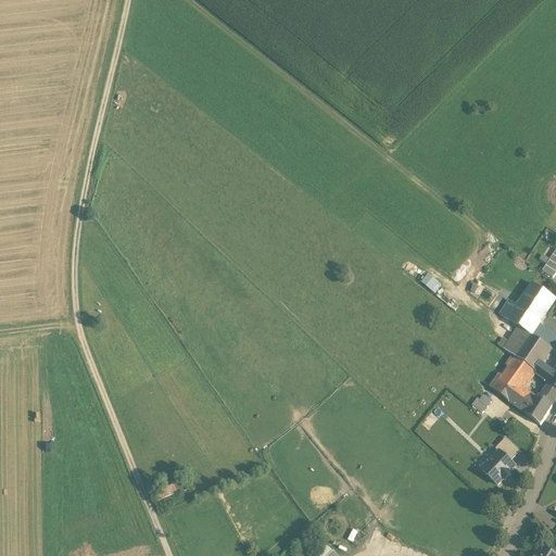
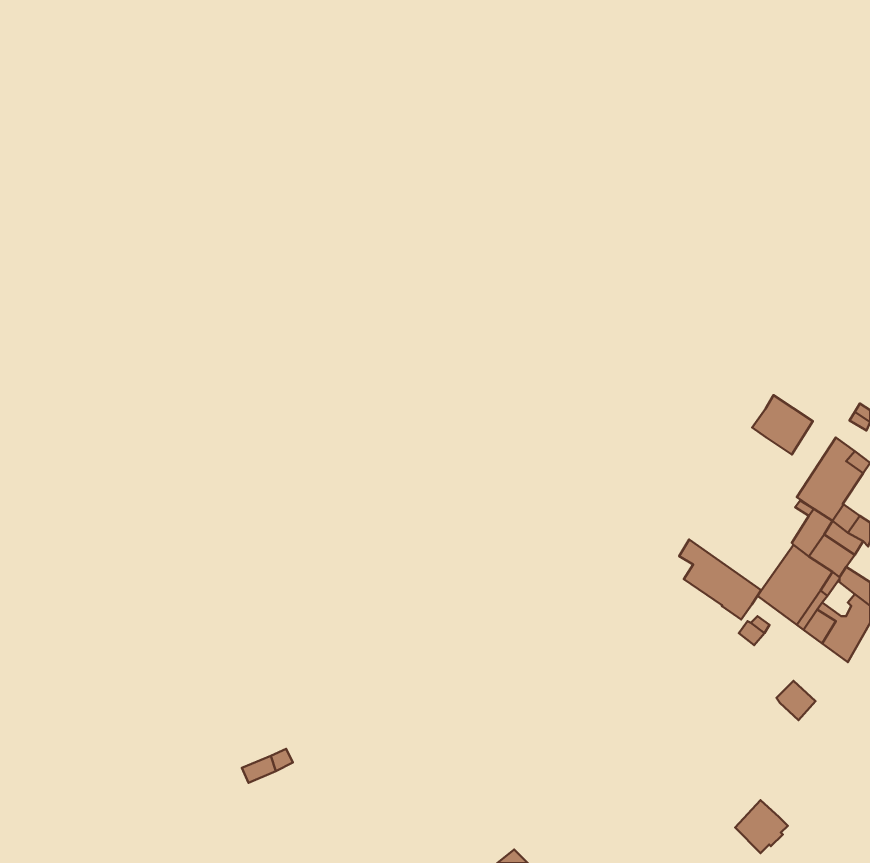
building: none -> [752,395,813,454]
building: none -> [679,540,761,620]
building: [481,448,515,482] -> [735,800,788,853]

